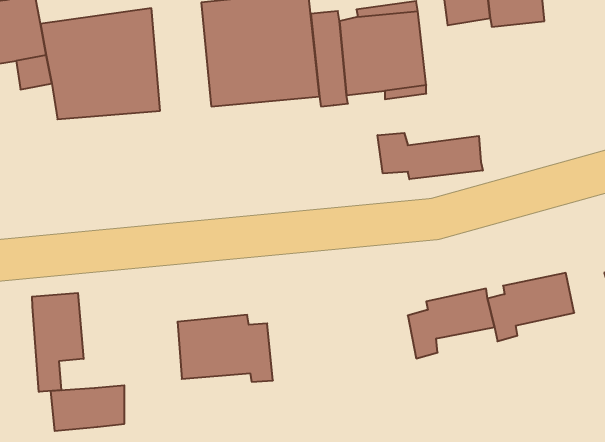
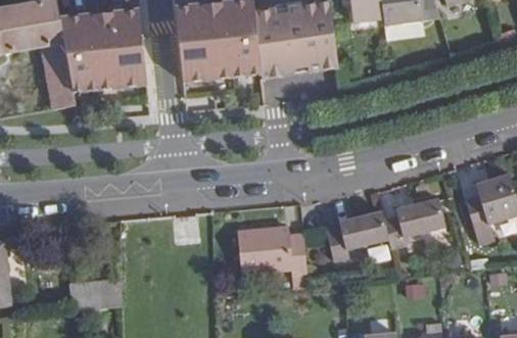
building: none -> [46,63,76,110]
building: [378,133,483,179] -> none
building: [32,293,84,392] -> none
building: [177,315,273,382] -> [236,227,304,275]

